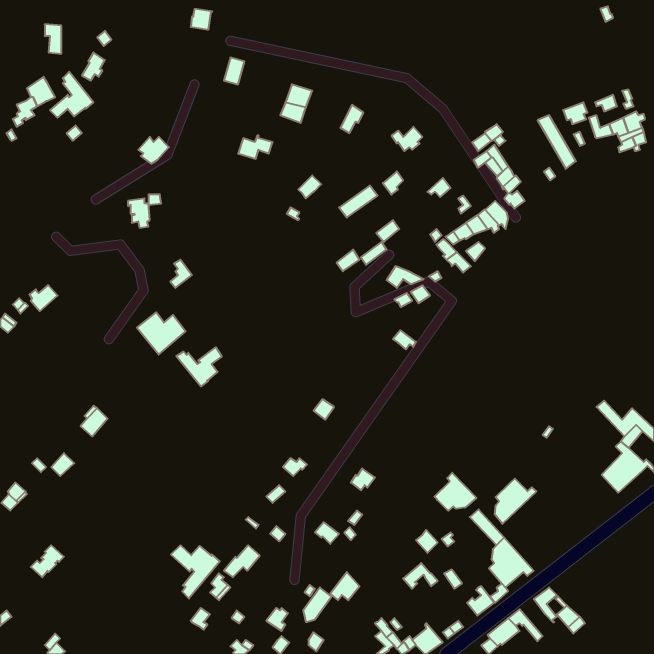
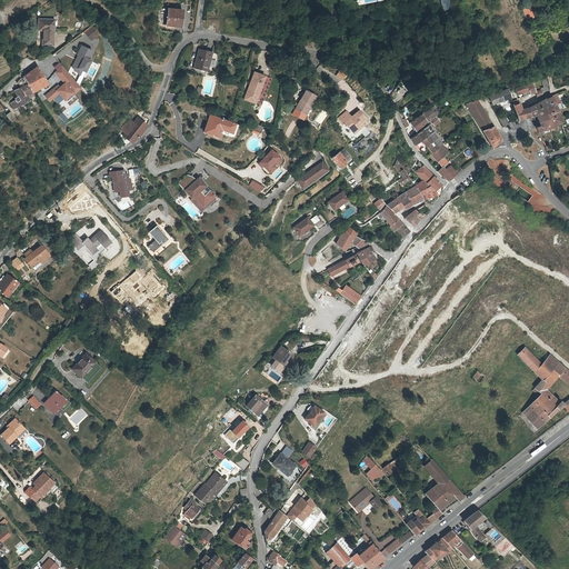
building: none -> [178,176,217,212]
building: none -> [70,230,112,258]
building: [176,347,222,386] -> none
building: [434,473,476,511] -> none
building: [495,479,536,524] -> none
building: [171,545,220,599] -> none

